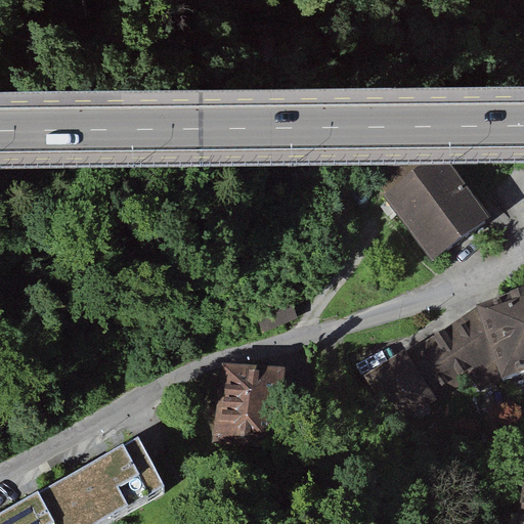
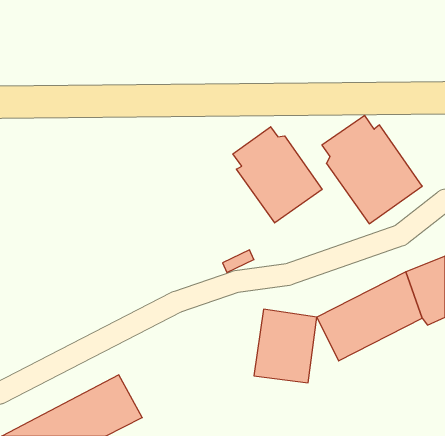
building: none -> [233,127,322,223]
building: [212,358,286,444] -> [254,309,317,383]

